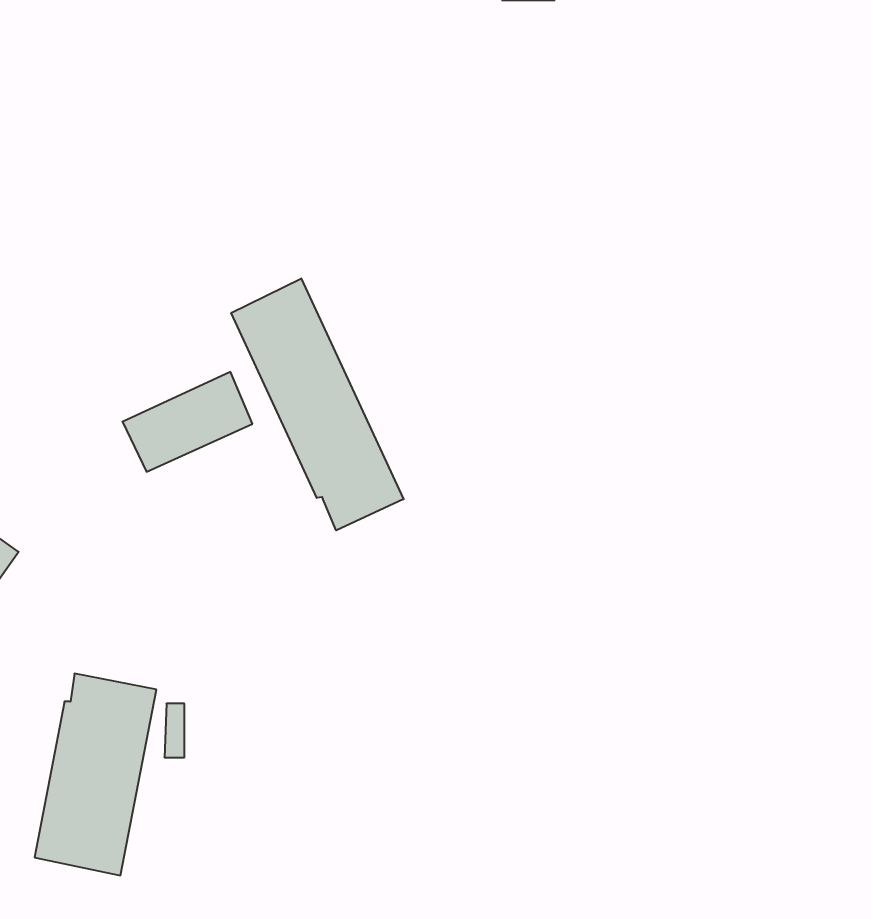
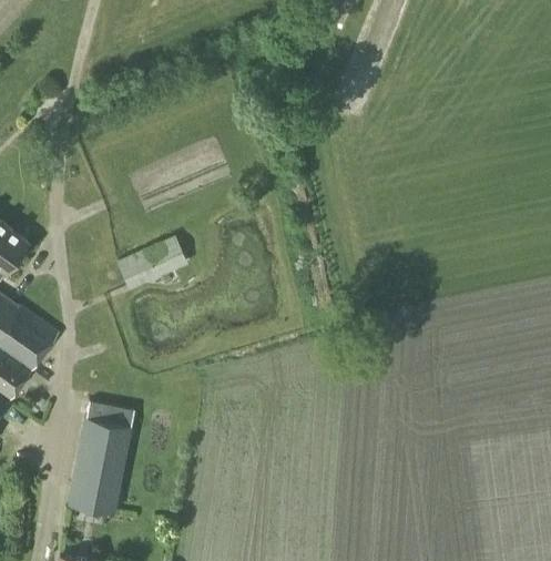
building: [231,278,404,530] -> none

